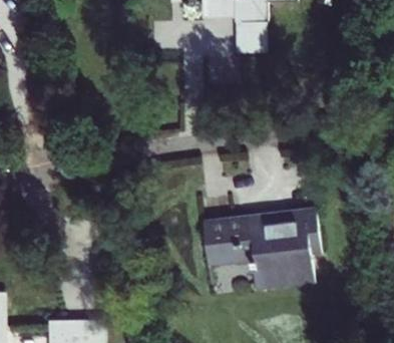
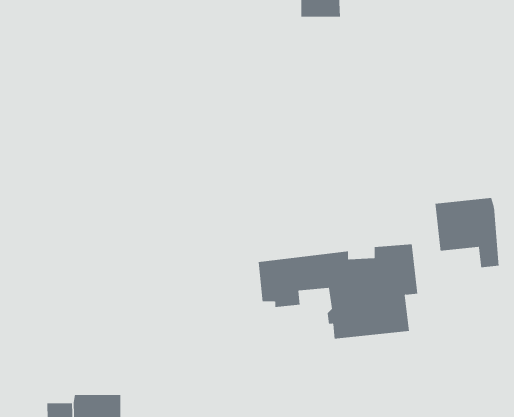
building: none -> [435,197,499,268]

